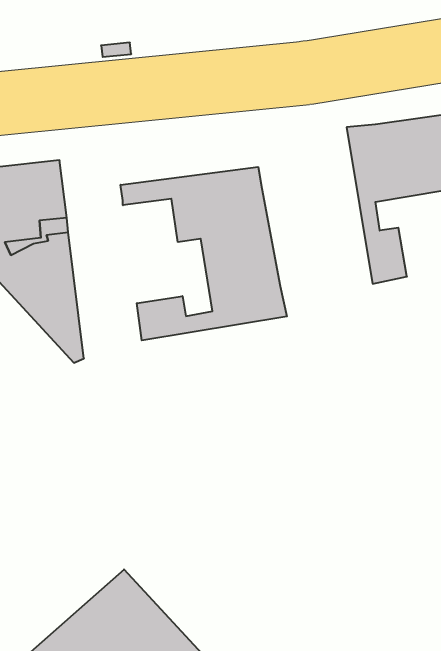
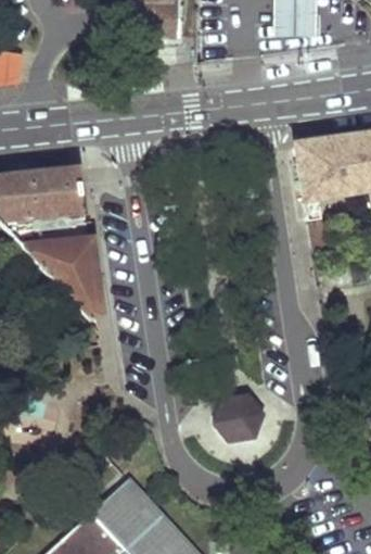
building: [121,167,287,340] -> none
building: none -> [220,399,258,437]

